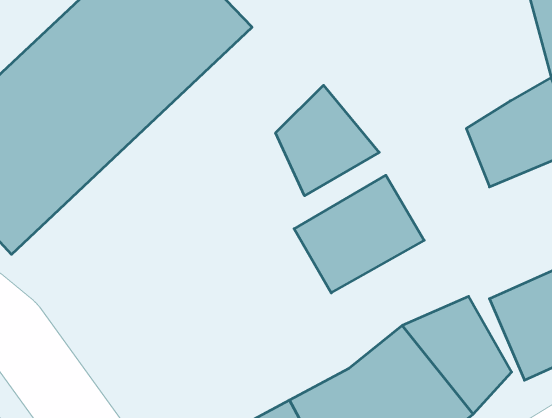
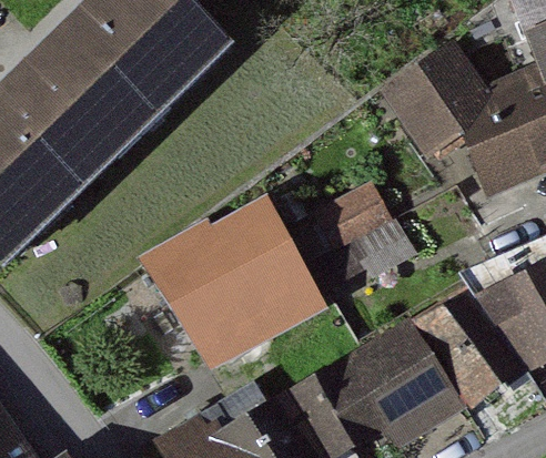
building: none -> [381,43,489,151]
building: [276,85,379,196] -> none
building: none -> [139,199,319,364]

